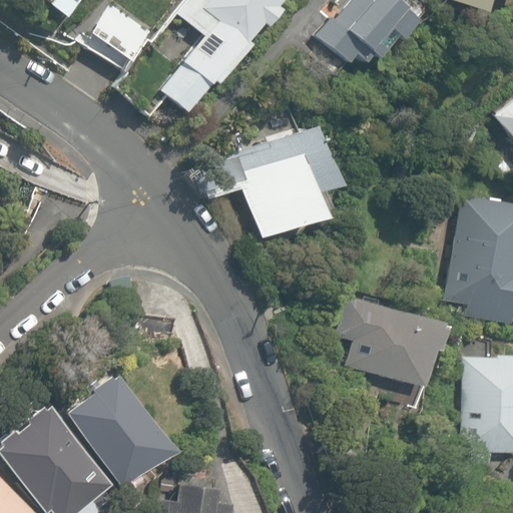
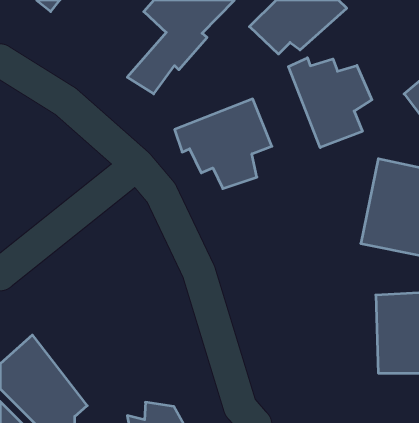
building: [91,6,155,72] -> none
building: none -> [288,58,372,148]
building: [346,297,443,388] -> none
building: [69,375,176,490] -> none

